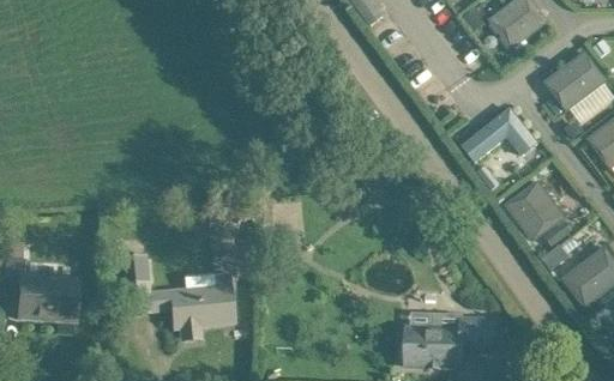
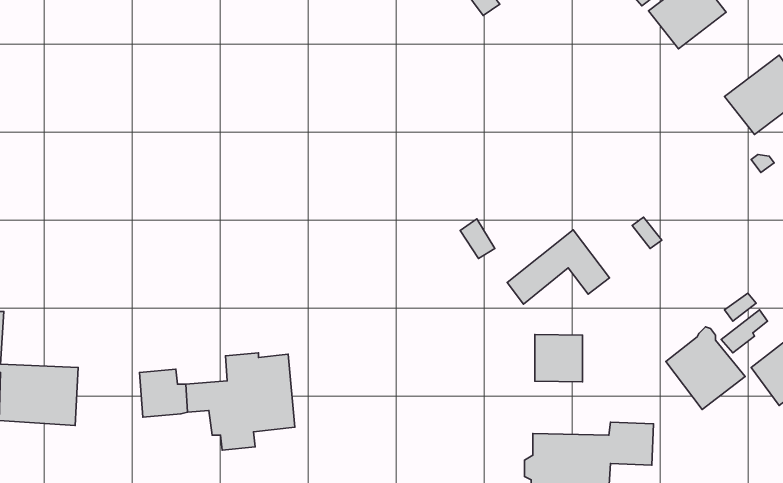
building: [462,107,536,161] -> [507,230,610,304]
building: [506,180,564,240] -> [666,327,745,409]
building: none -> [535,335,582,382]

